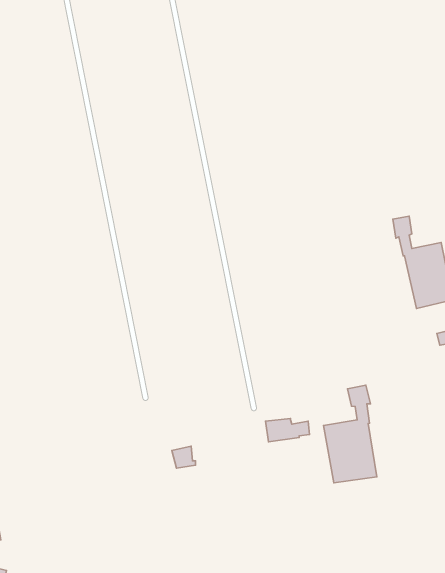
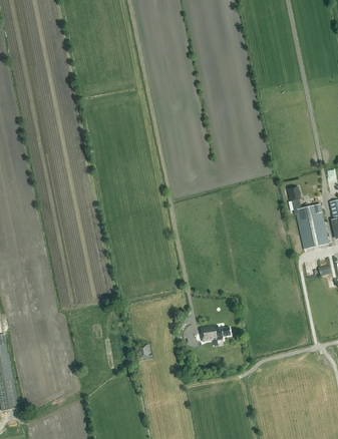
building: [324,385,377,483] -> none

